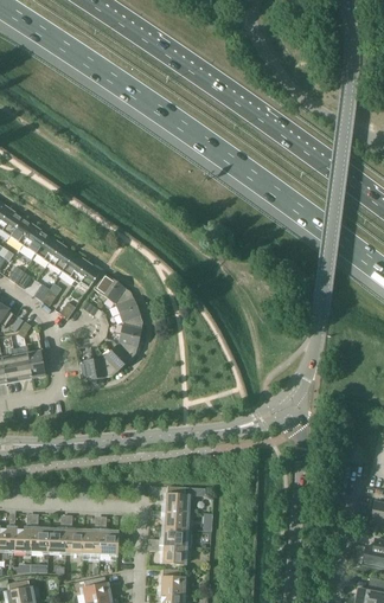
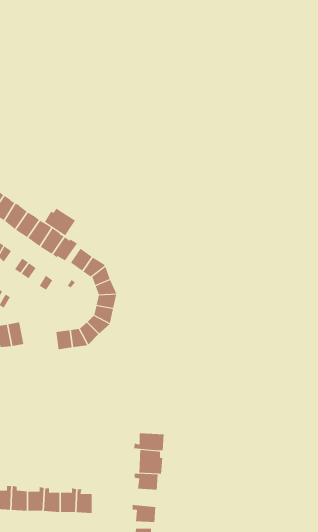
building: none -> [44,208,76,236]
building: [159,528,192,547] -> [133,433,164,451]

